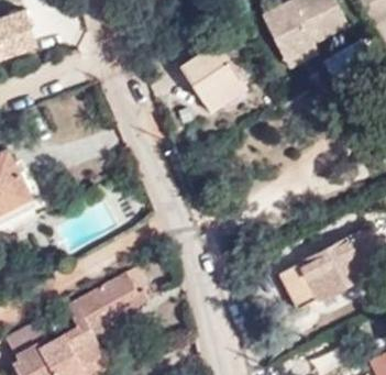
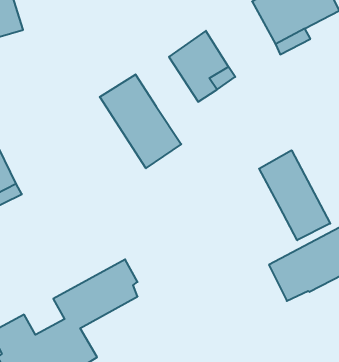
building: none -> [100,74,181,168]
building: none -> [259,150,330,240]

